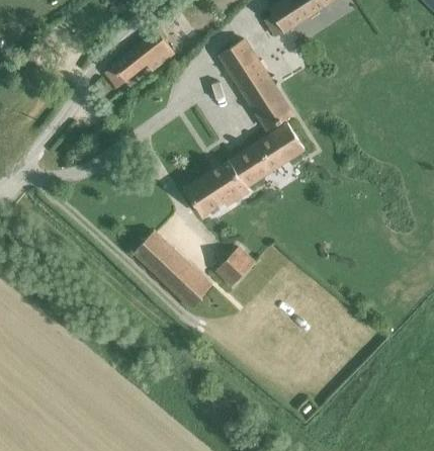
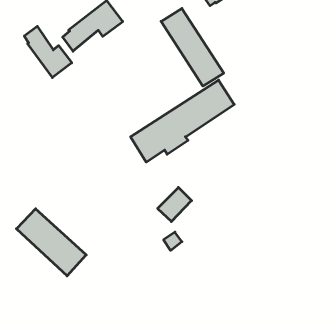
building: none -> [24,26,72,78]
building: [132,230,212,307] -> [16,209,86,276]

